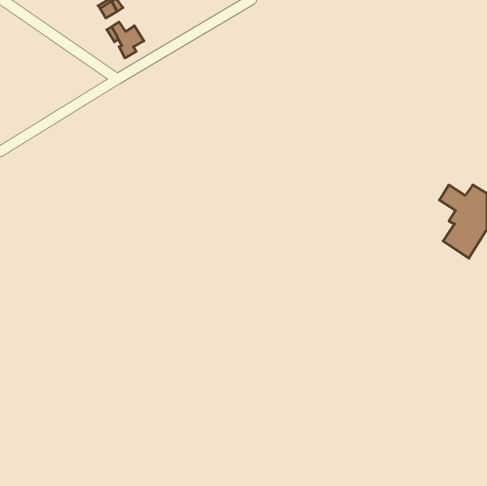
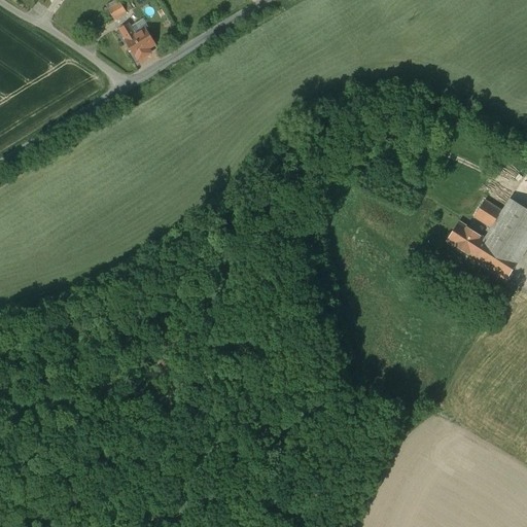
building: none -> [447,221,491,260]

